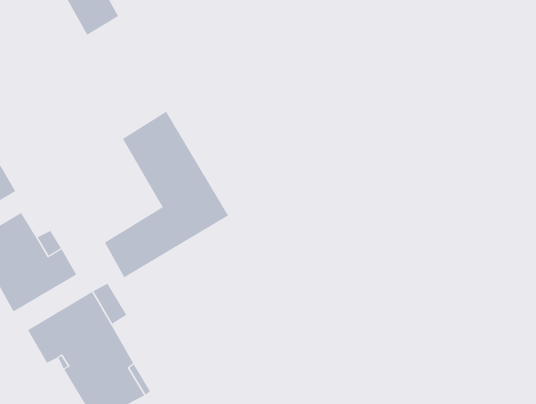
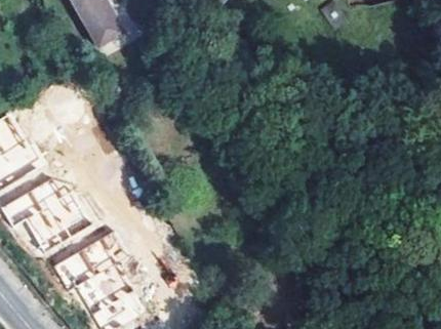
building: [104,111,229,278] -> none

